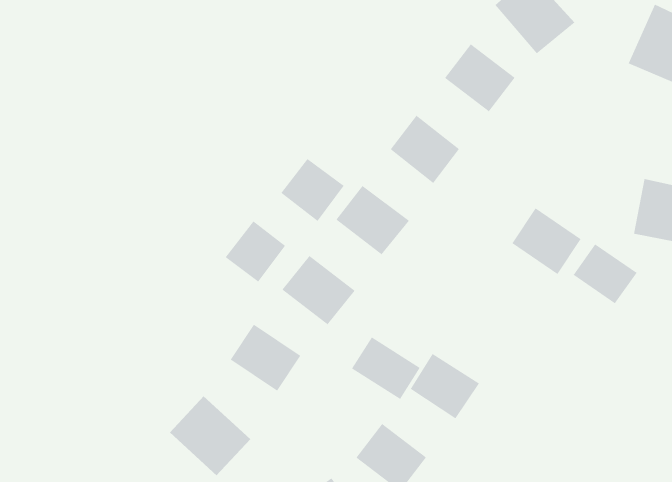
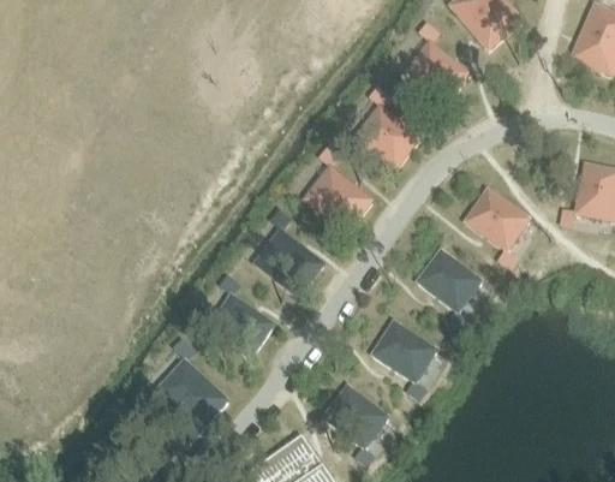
building: [280,158,344,222] -> none
building: [225,220,286,282] -> none
building: [573,243,637,304] -> none
building: none -> [417,249,482,311]
building: [351,336,420,400] -> none

